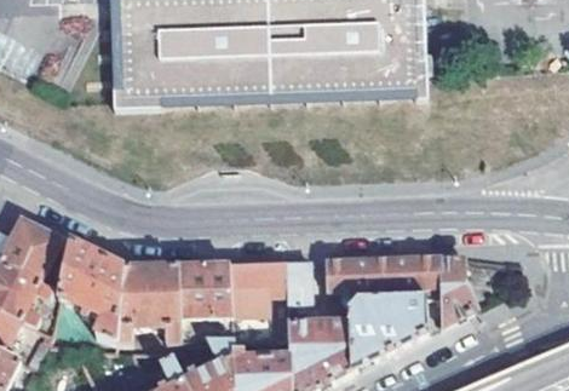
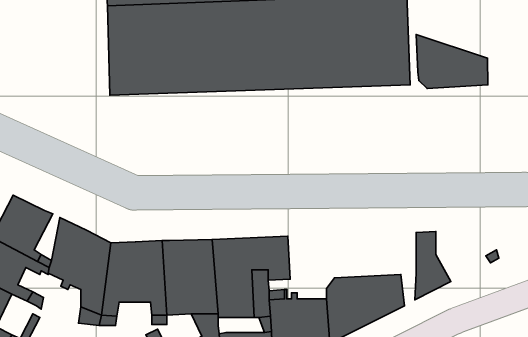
building: none -> [416,35,488,89]
building: [320,251,437,286] -> none

